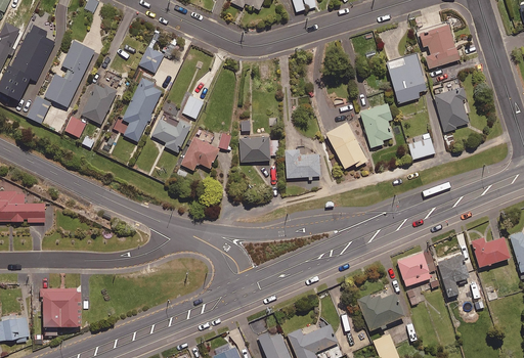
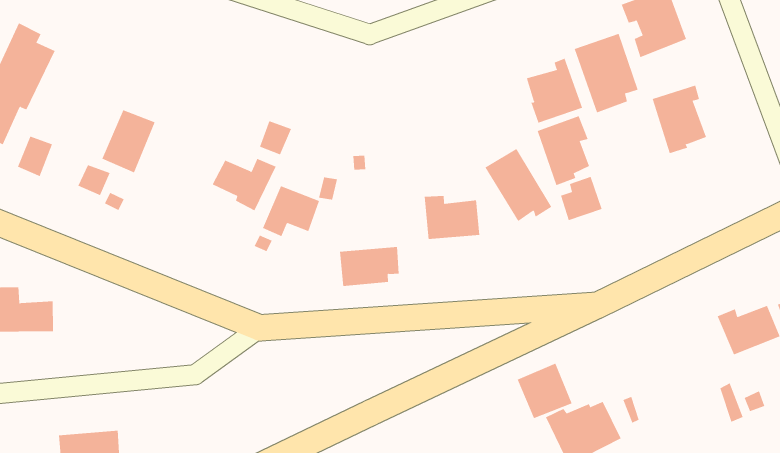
building: [139,33,164,73] -> none
building: [44,42,94,107] -> none
building: none -> [526,58,583,124]
building: [123,78,162,142] -> none
building: [408,132,435,160] -> [560,176,603,221]
building: [239,138,277,162] -> [339,247,400,287]
building: [395,249,430,283] -> [517,363,573,419]
building: [436,250,468,293] -> none

